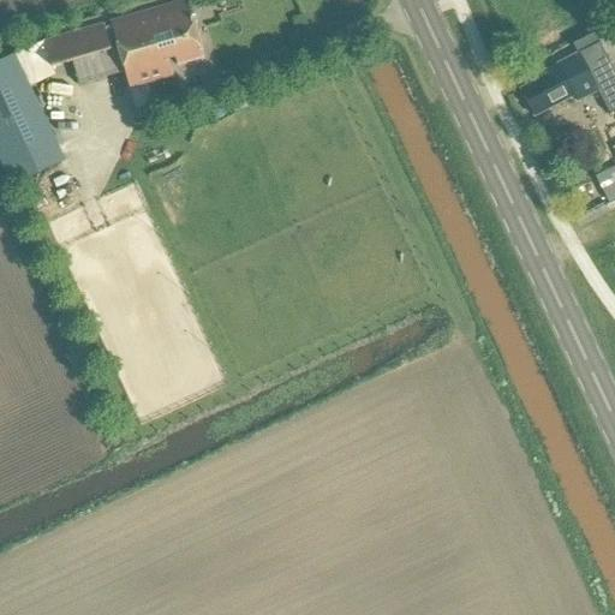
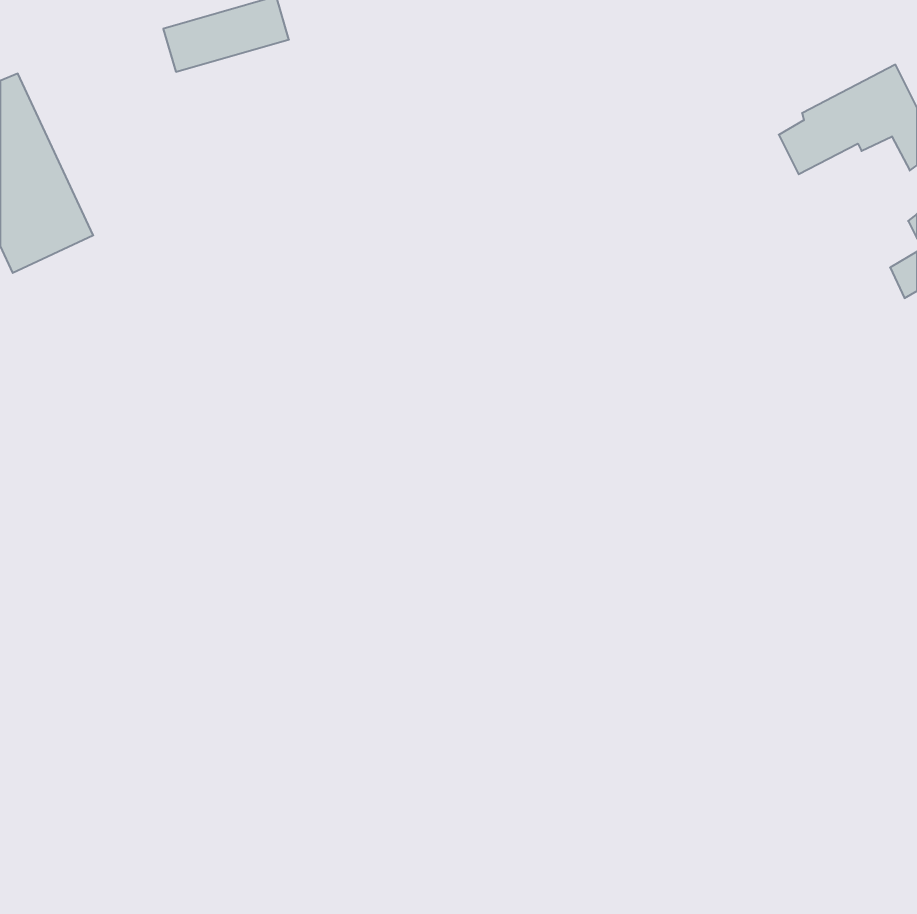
building: [42,20,109,64] -> none
building: [118,26,202,85] -> none

